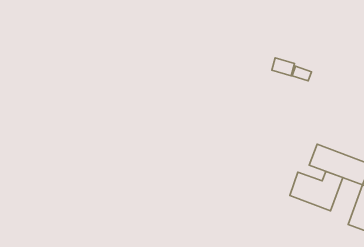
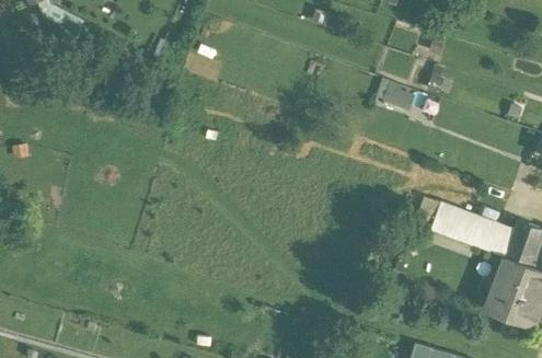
building: [290,172,343,211] -> none

